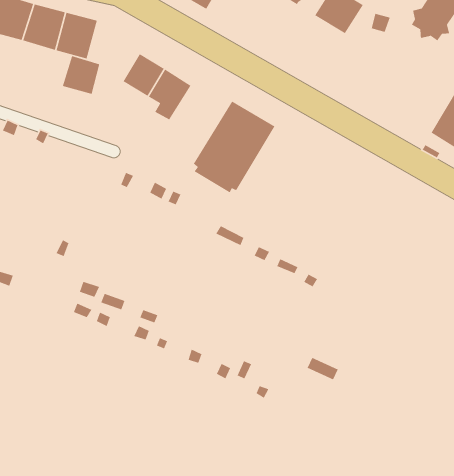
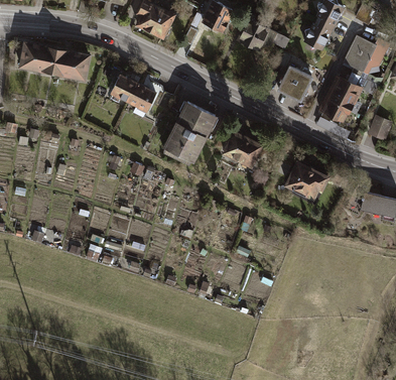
building: [62,55,100,95] -> none
building: none -> [276,62,312,100]
building: none -> [222,129,264,168]
building: none -> [284,159,329,199]

